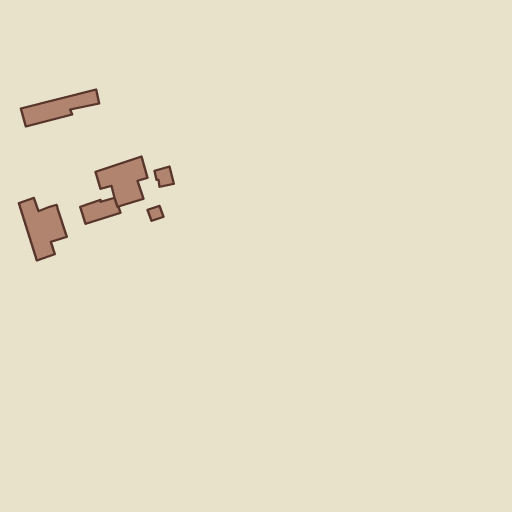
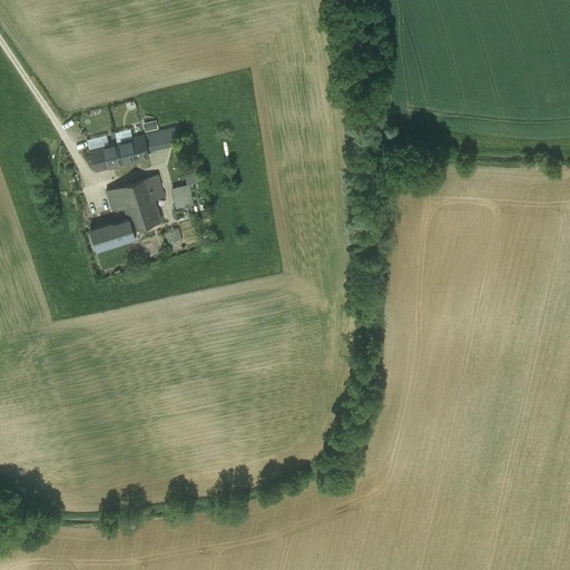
building: [21,89,99,126] -> [90,129,177,170]
building: [19,198,67,261] -> none

